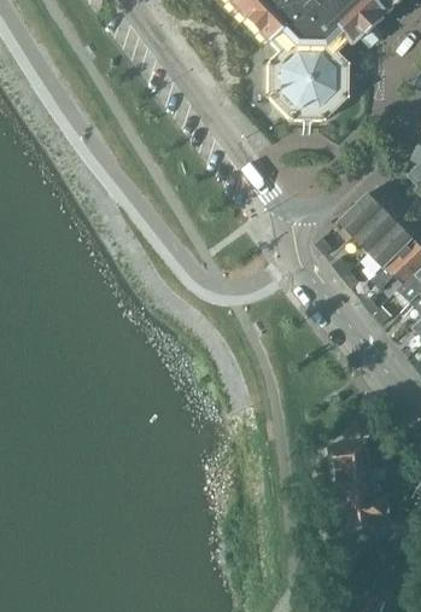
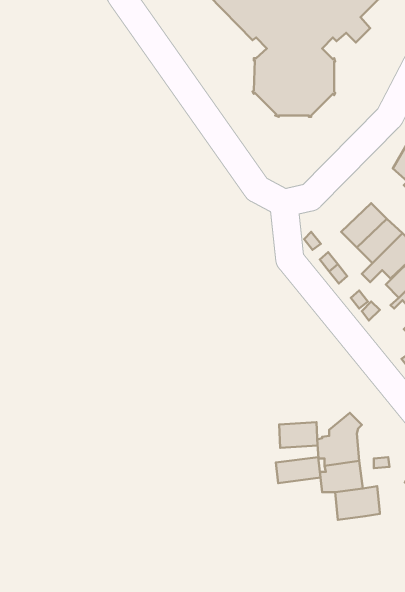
building: [337,191,381,235] -> none
building: none -> [279,422,318,448]
building: none -> [276,457,320,483]

